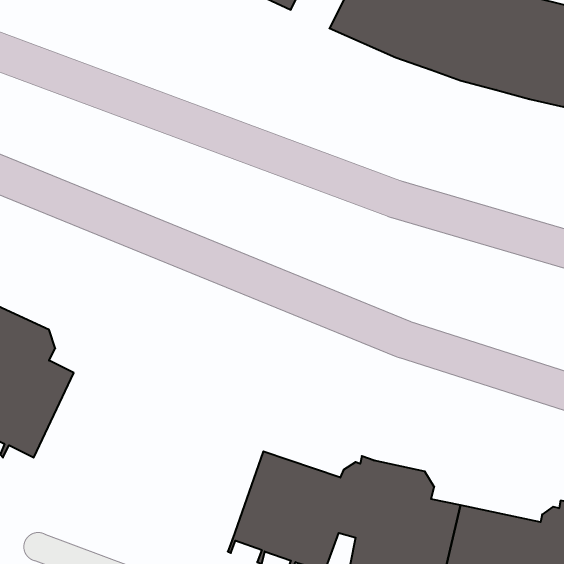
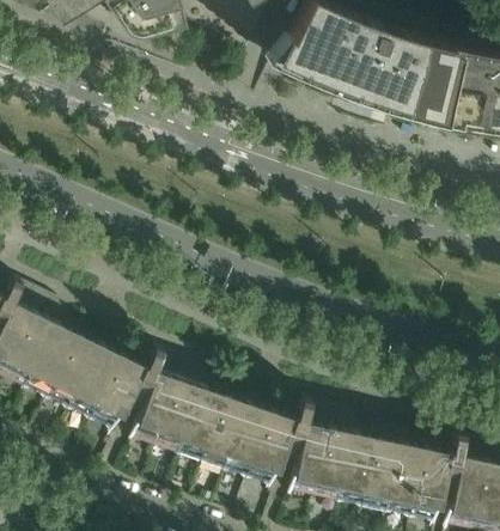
building: none -> [47,335,230,468]

